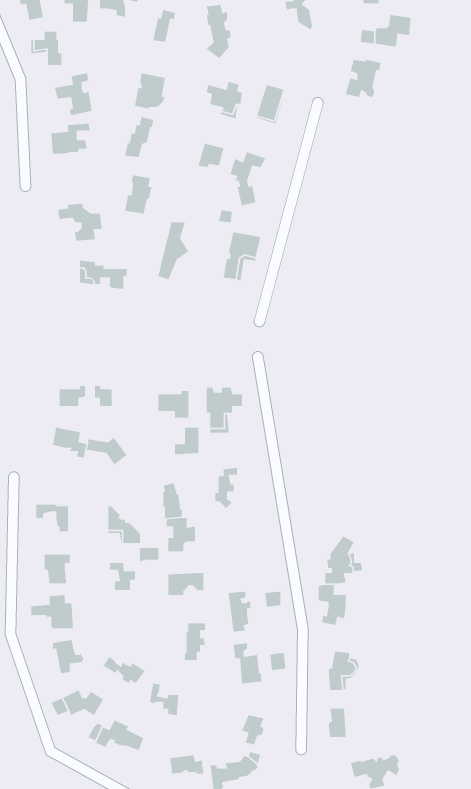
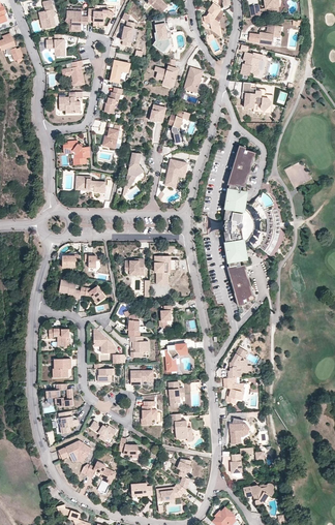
building: none -> [242,83,271,112]
building: none -> [226,146,265,307]
building: none -> [164,343,187,371]

